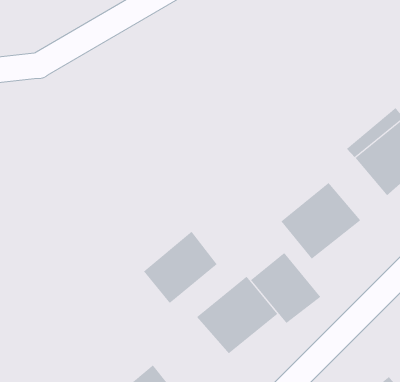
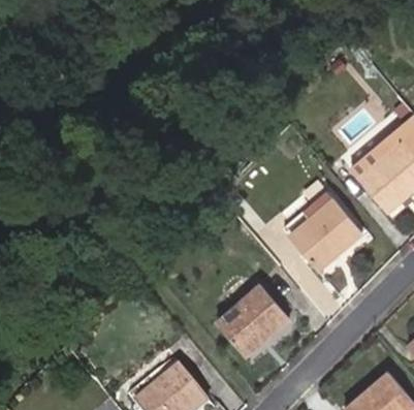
building: [143,231,218,304] -> none
building: [250,252,321,324] -> none

